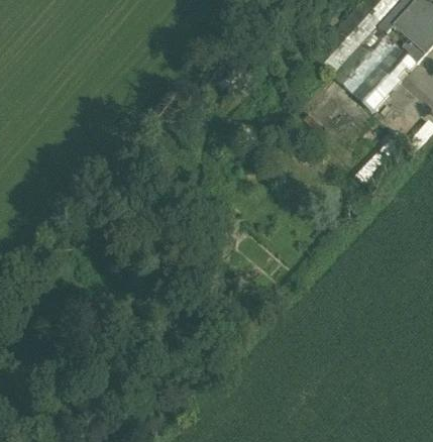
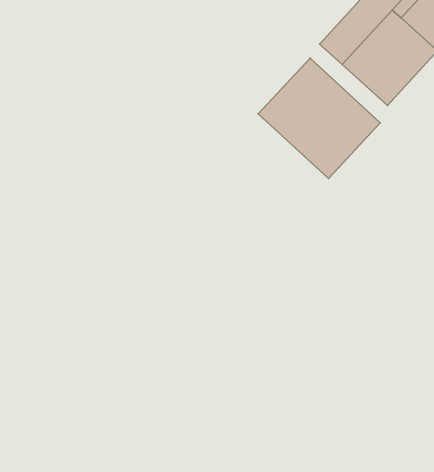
building: none -> [258,58,380,178]

